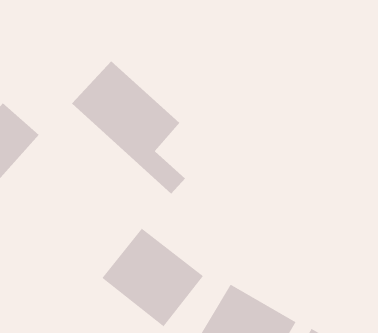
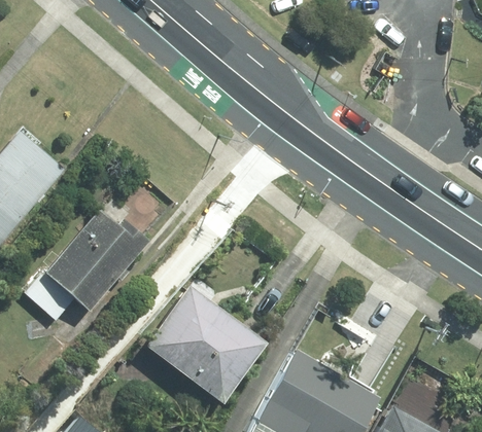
building: [71,60,186,195] -> none
building: none -> [30,210,153,321]

